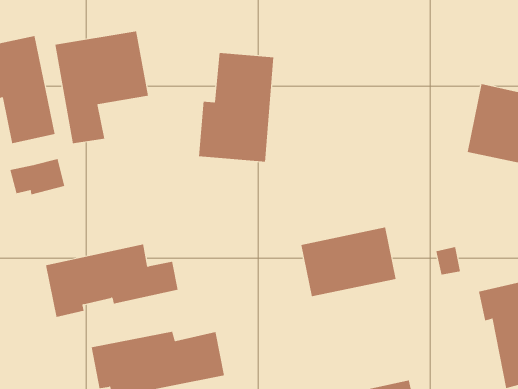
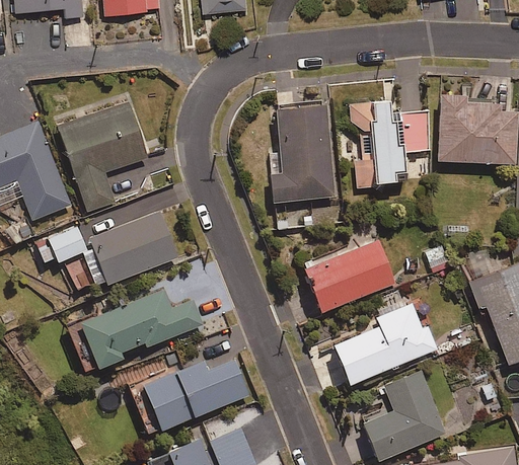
building: [198,52,274,162] -> [270,102,335,202]
building: none -> [350,101,429,188]
building: none -> [72,213,177,290]
building: none -> [333,304,437,384]

